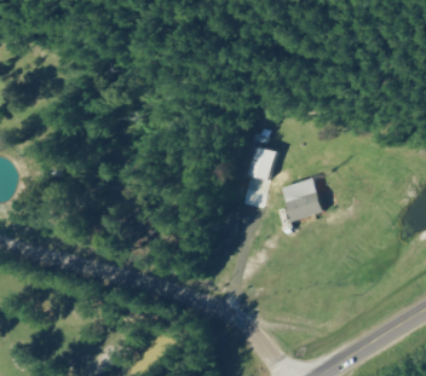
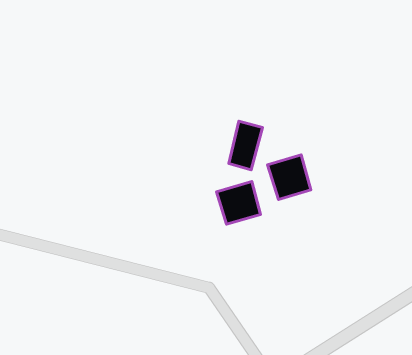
building: none -> [217,182,261,224]

